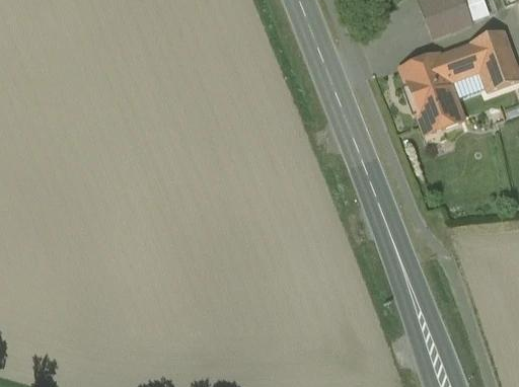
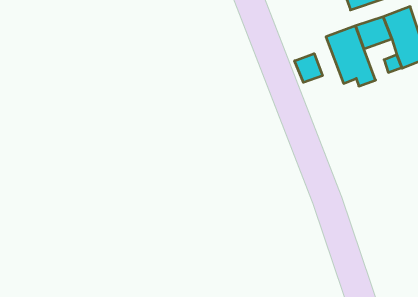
building: none -> [295,54,322,82]

